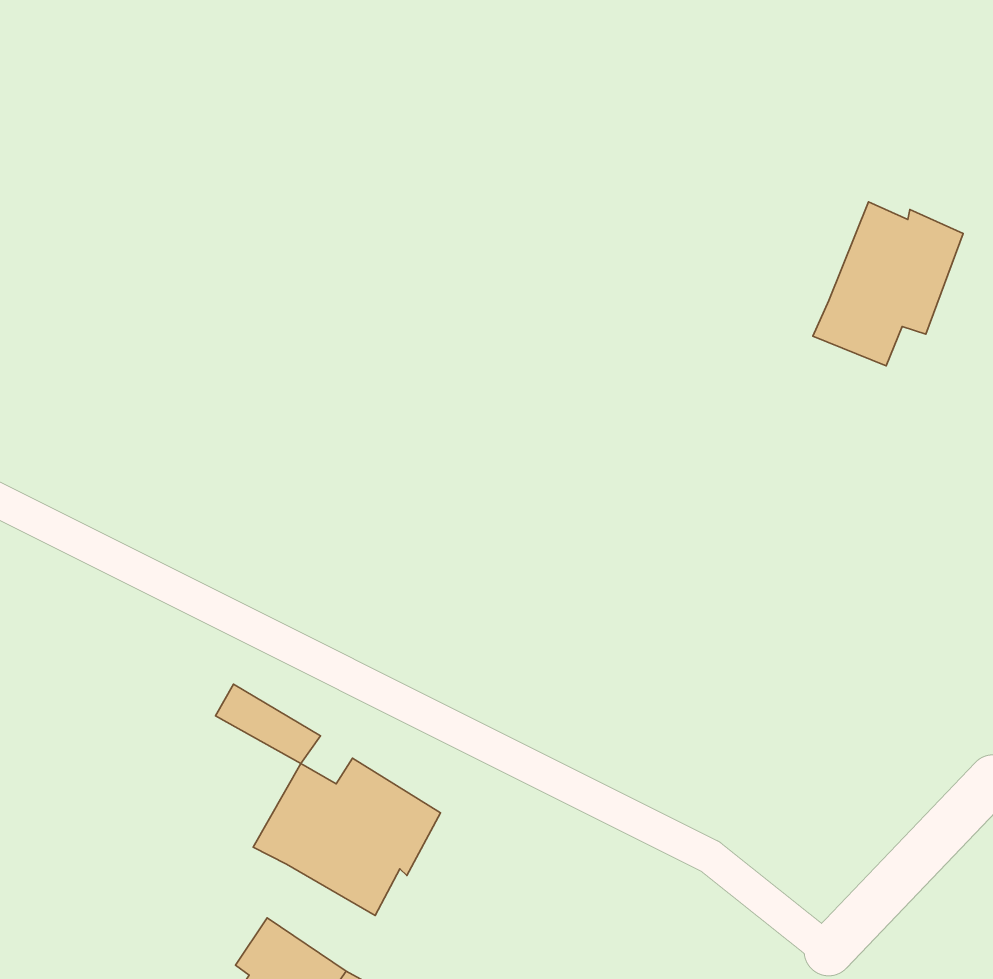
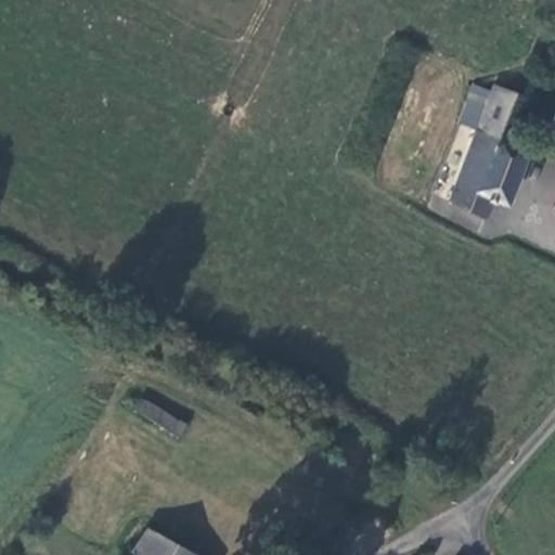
building: none -> [476,83,516,138]
building: [253,758,440,916] -> none

